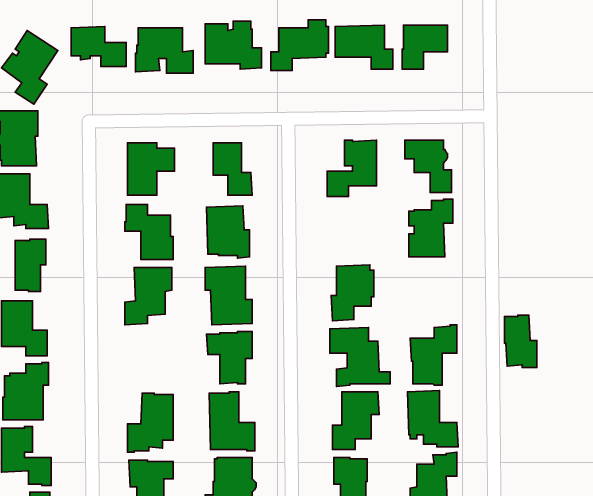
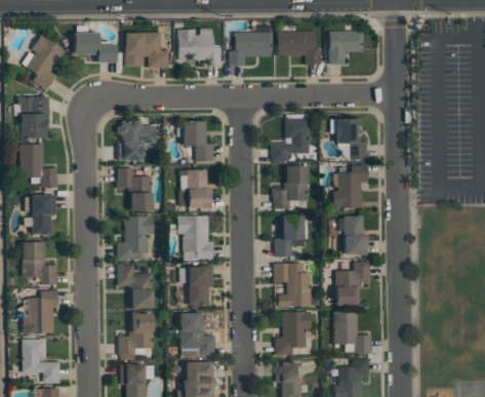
building: none -> [272,166,310,209]
building: [505,315,537,367] -> [345,215,369,255]
building: none -> [118,265,155,310]

